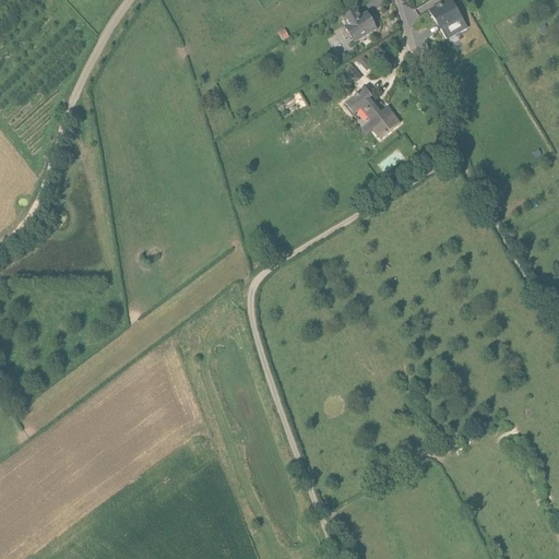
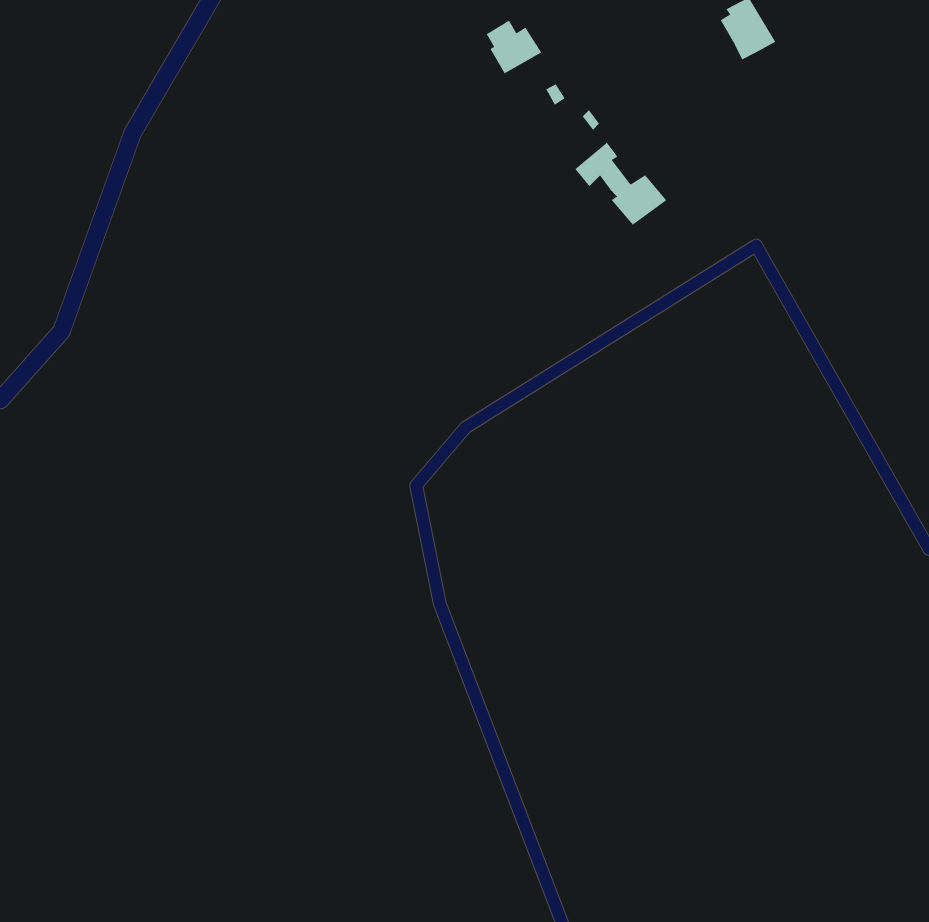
building: [343,7,377,39] -> [486,20,542,74]

